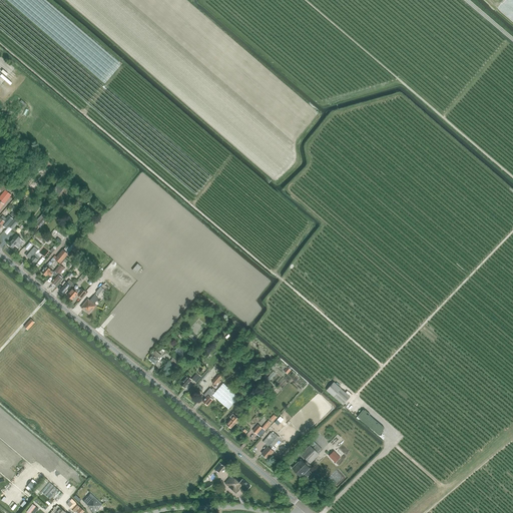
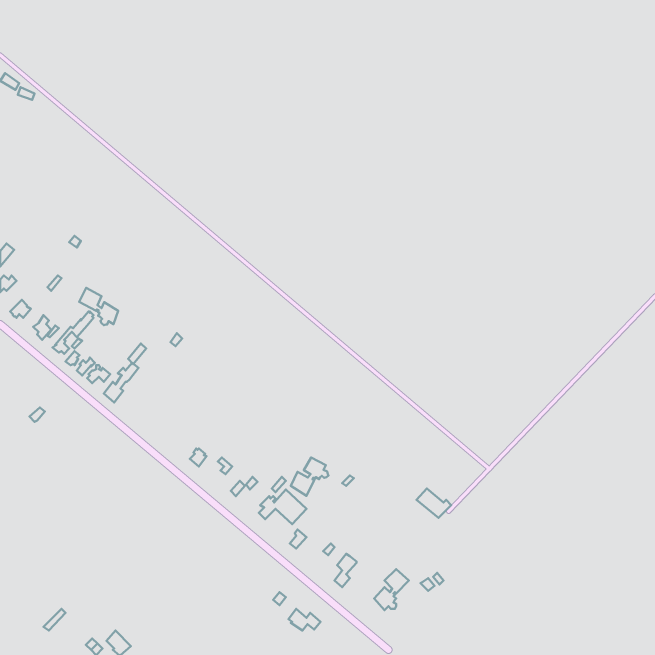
building: none -> [79,288,118,325]
building: none -> [291,457,328,496]

